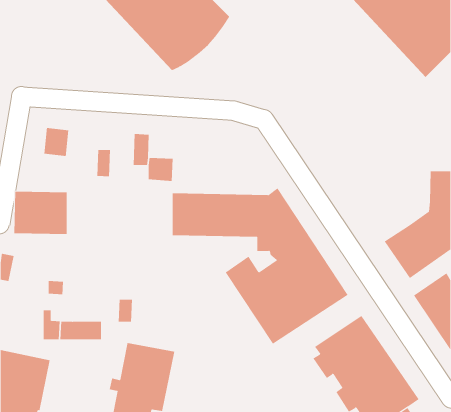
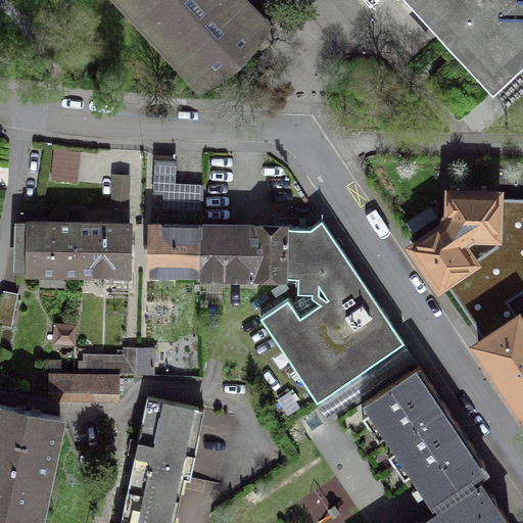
building: none -> [413,194,497,286]
building: none -> [79,226,128,275]
building: none -> [149,227,199,276]
building: none -> [85,349,138,376]

